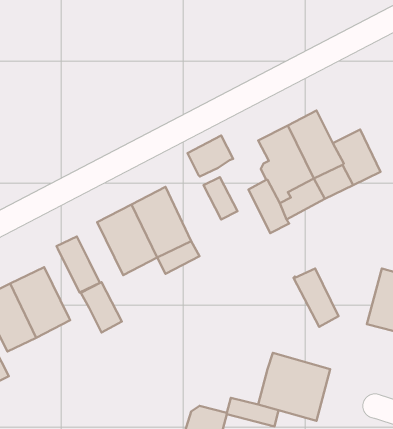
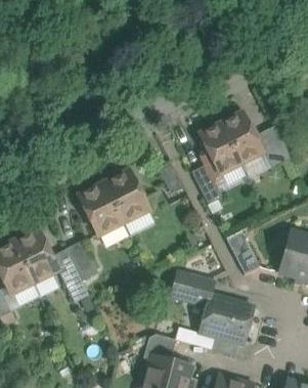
building: [188,136,233,176] -> none
building: [56,237,100,292] -> [56,259,89,301]
building: none -> [171,270,213,305]

